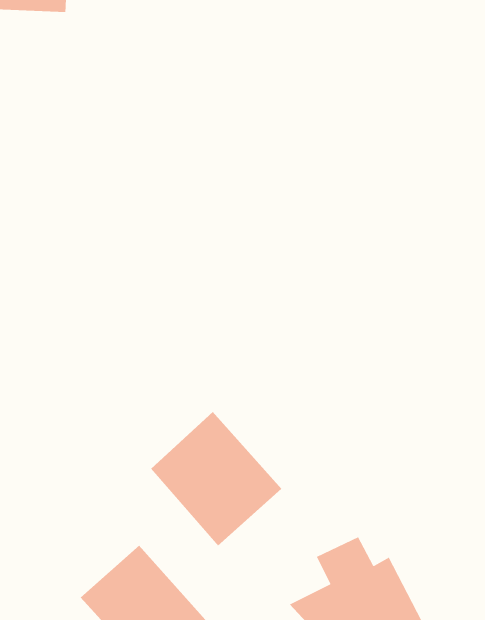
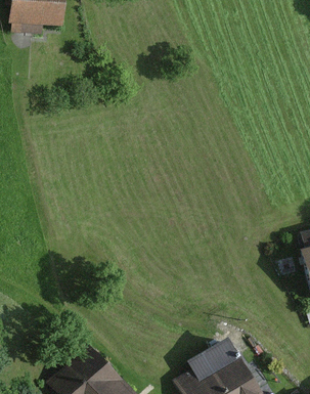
building: [150,411,282,547] -> none

